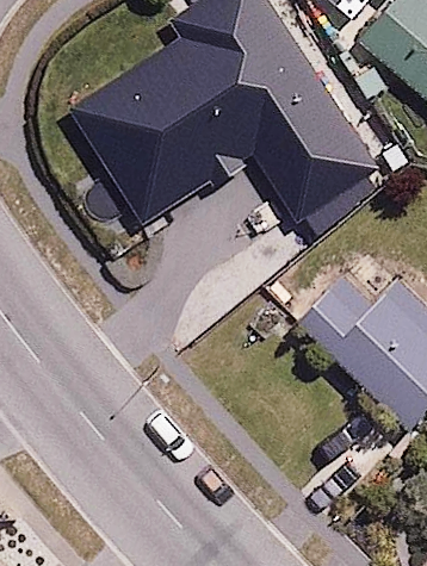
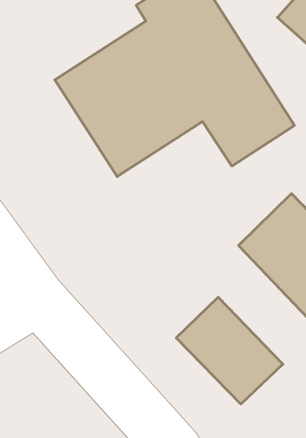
building: none -> [176,297,283,404]

